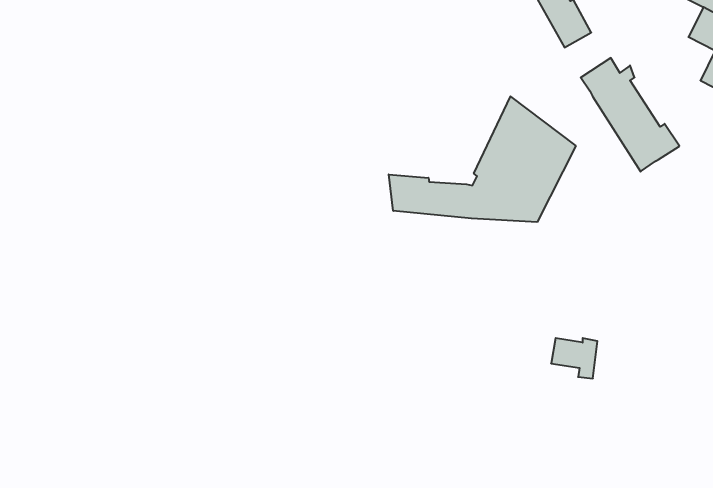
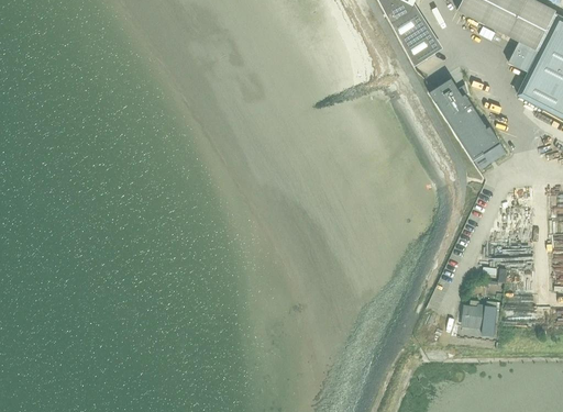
building: [389,96,576,222] -> none
building: [551,338,597,378] -> [462,305,496,335]

